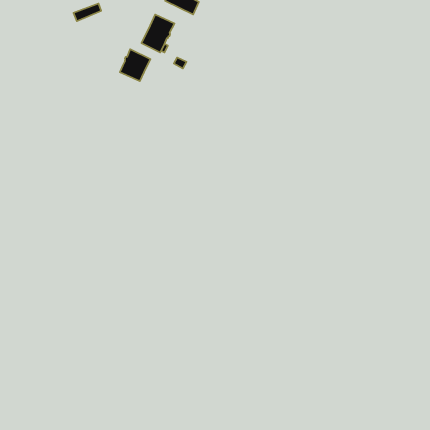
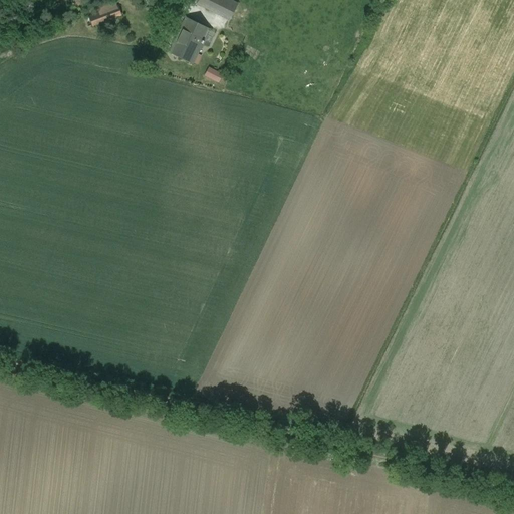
building: [120,49,151,81] -> none

